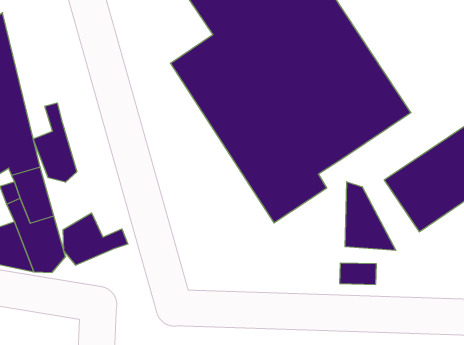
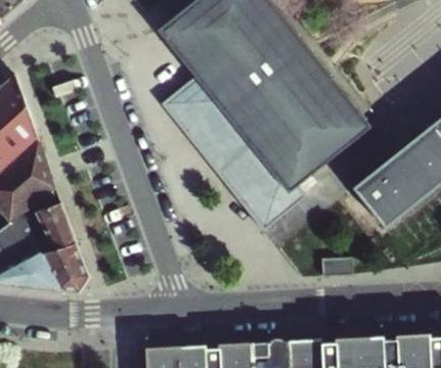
building: [33,103,77,182] -> none
building: [345,182,396,250] -> none
building: [63,213,128,265] -> none

